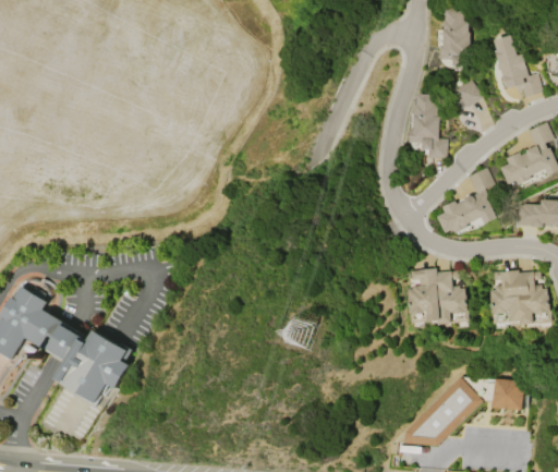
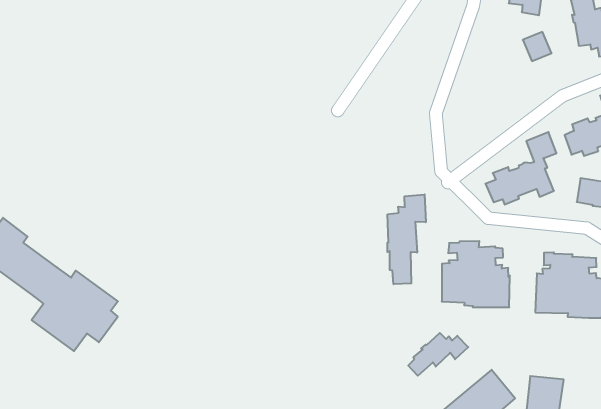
building: [410,95,447,160] -> none
building: none -> [387,194,426,284]
building: none -> [408,333,468,376]

